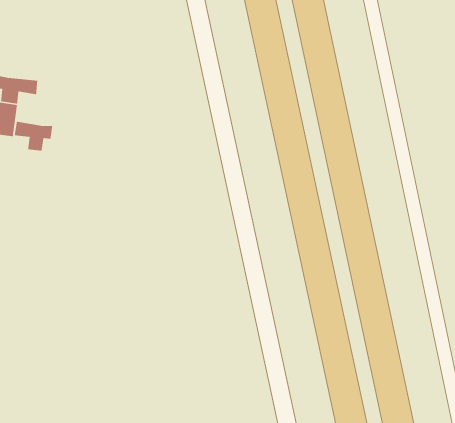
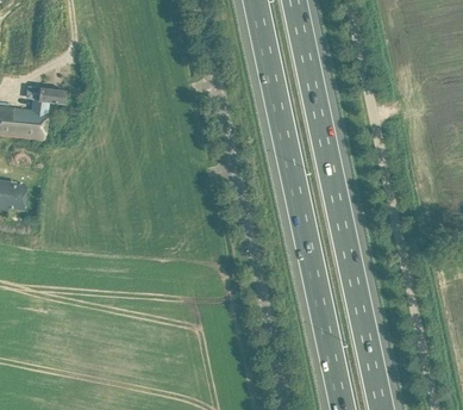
building: [14,121,53,151] -> none

